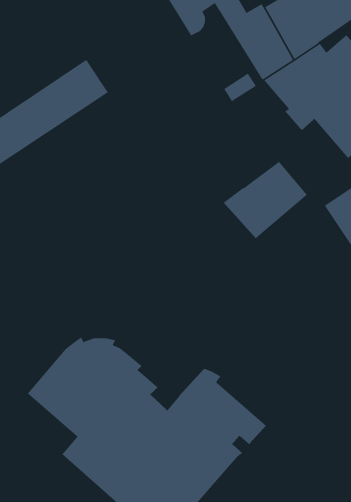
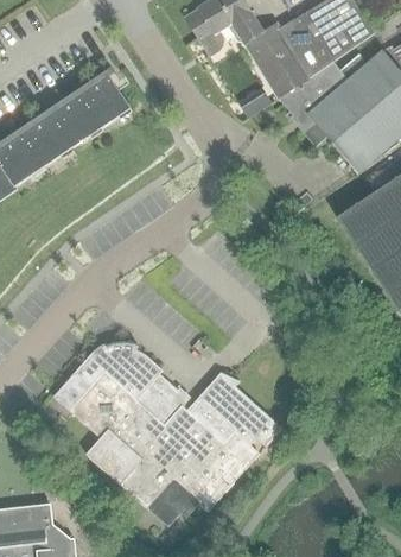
building: [223,161,308,239] -> none

